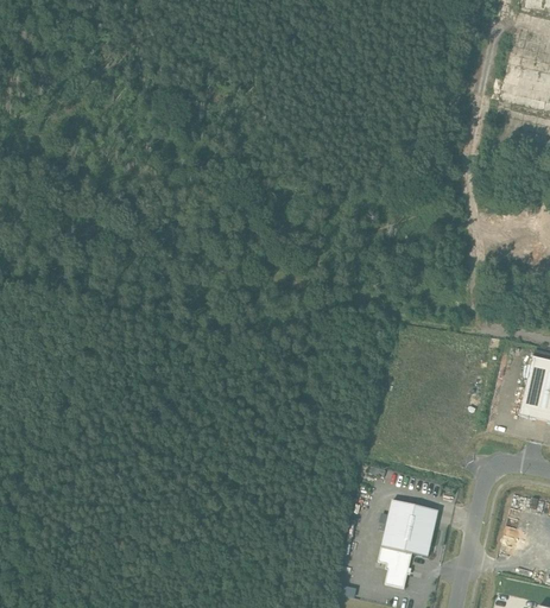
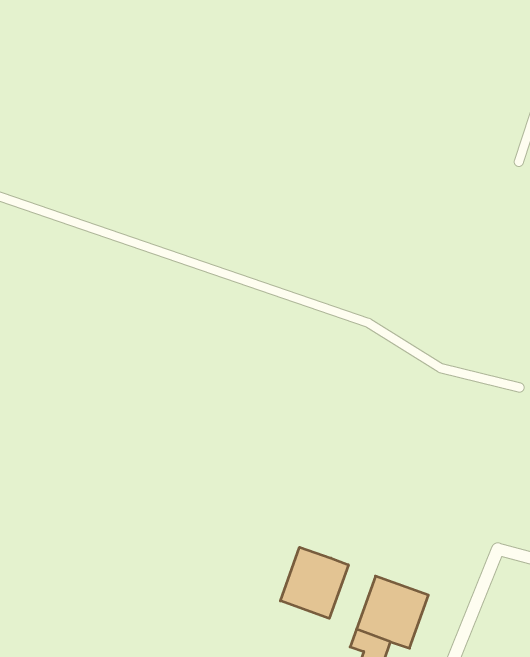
building: none -> [280,547,348,618]

